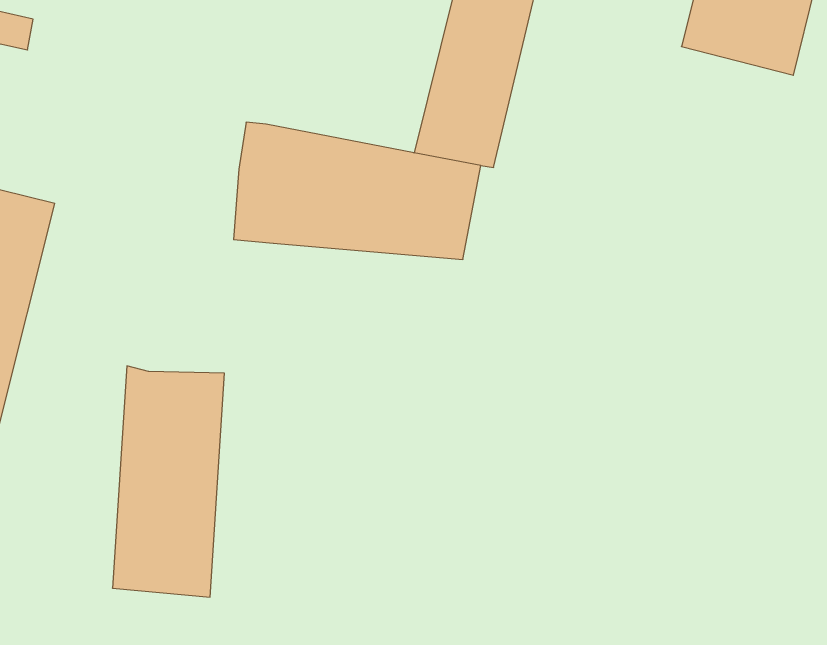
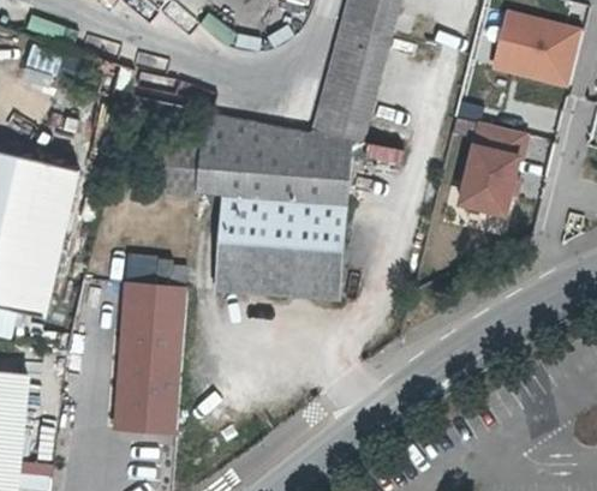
building: none -> [453,120,531,216]
building: none -> [214,197,346,300]

